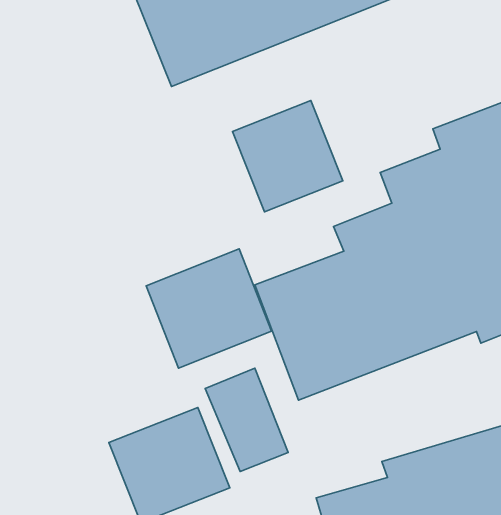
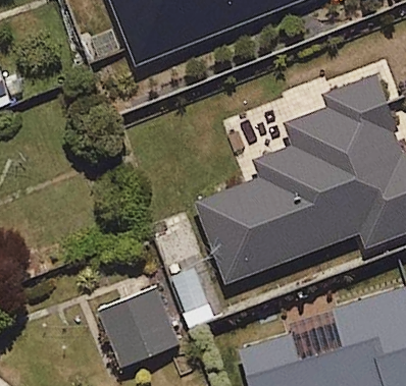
building: [233,101,343,212] -> none
building: [146,249,271,368] -> none

